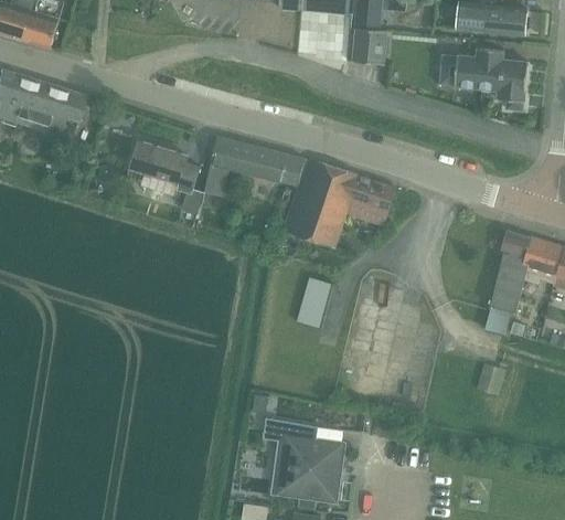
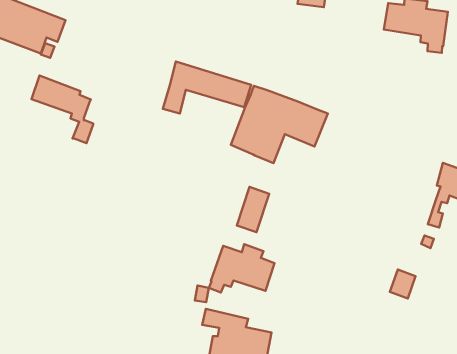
building: [130,139,203,214] -> [32,76,93,143]
building: [483,230,530,335] -> none
building: none -> [209,244,274,293]

